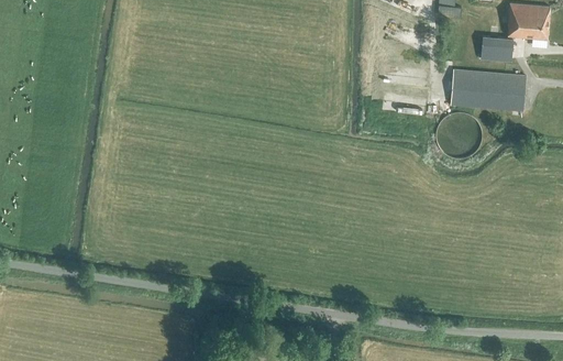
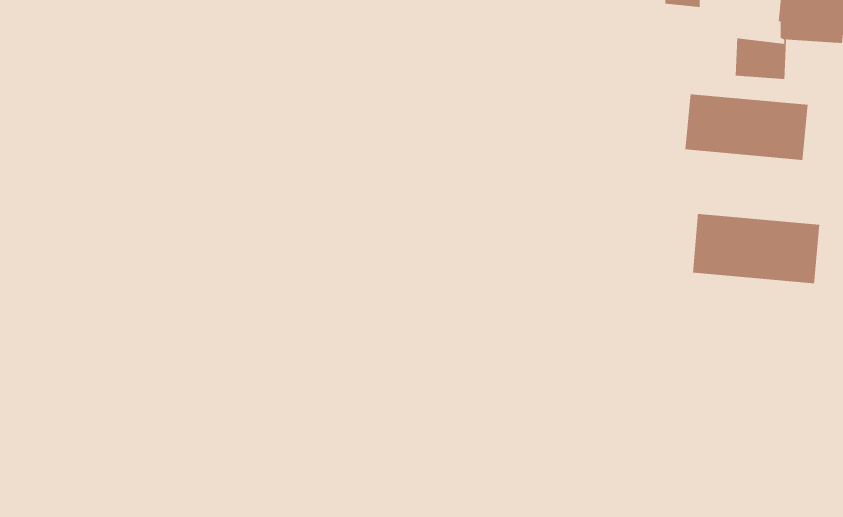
building: none -> [692,213,820,284]

